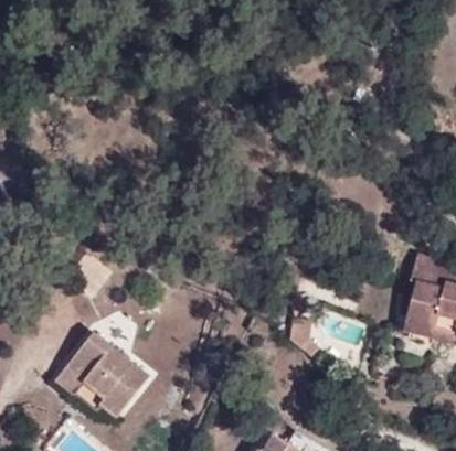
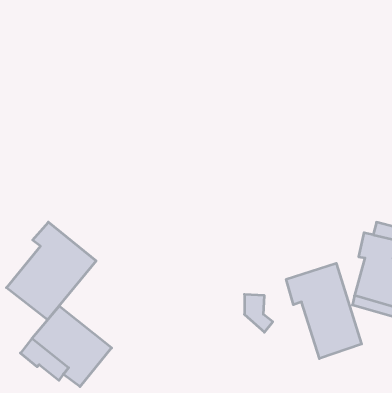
building: none -> [6,222,96,320]
building: none -> [286,263,362,359]

